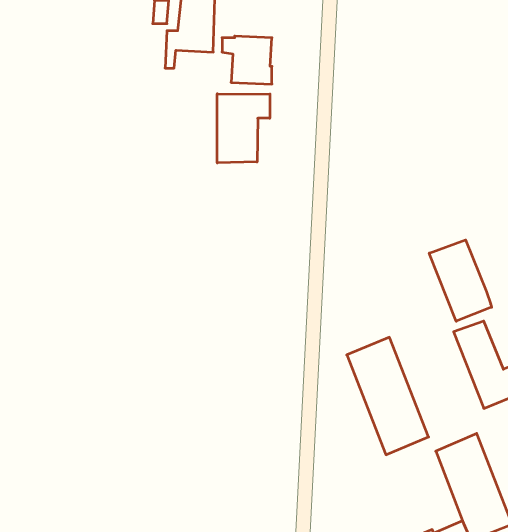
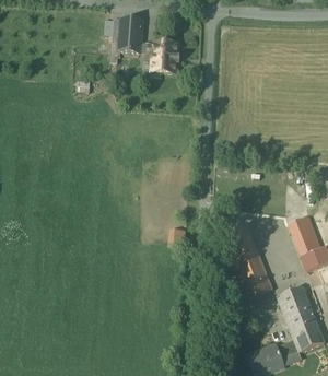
building: [217,94,270,163] -> none
building: [429,240,492,321] -> none

